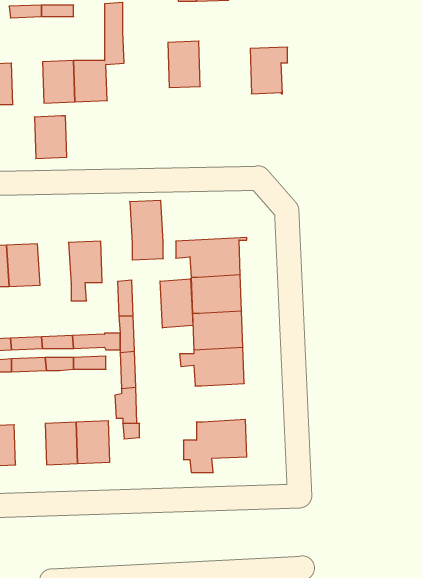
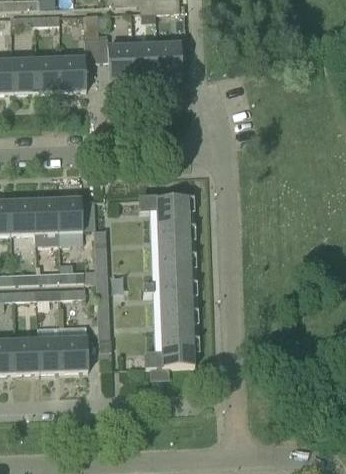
building: none -> [99,35,135,80]
building: [250,47,288,94] -> [158,42,187,78]
building: [34,116,67,158] -> [13,59,38,92]
building: [130,200,163,260] -> [33,199,59,245]
building: [160,279,193,328] -> none
building: none -> [155,308,194,338]
building: none -> [15,339,40,371]

